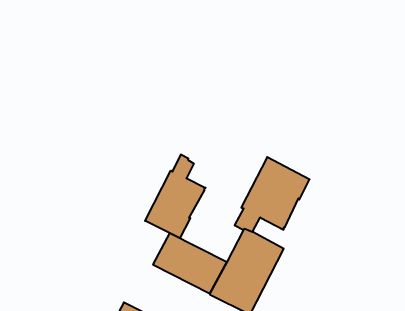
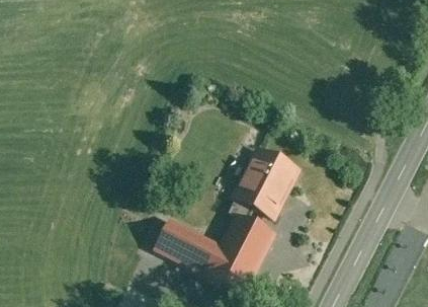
building: [145,154,206,238] -> none

